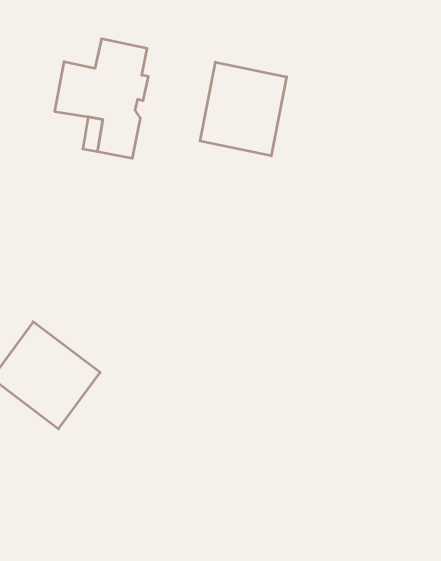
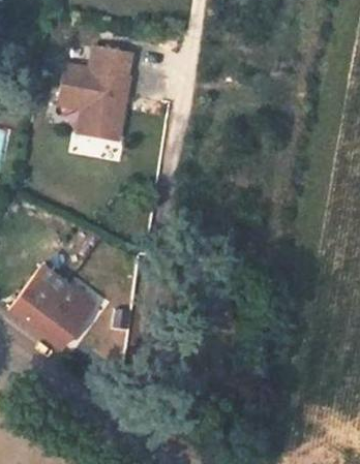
building: [200,62,287,156] -> none

